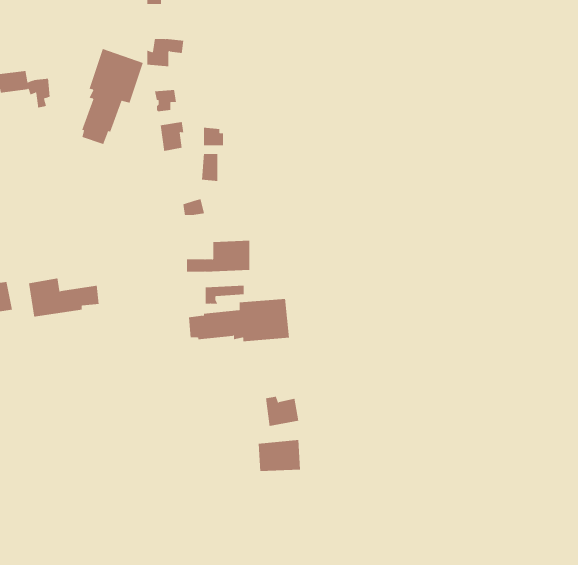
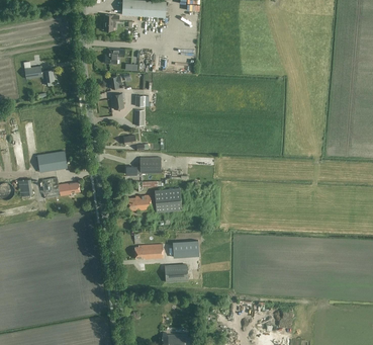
building: [81,48,144,145] -> none
building: none -> [37,151,68,172]
building: none -> [135,244,164,259]

